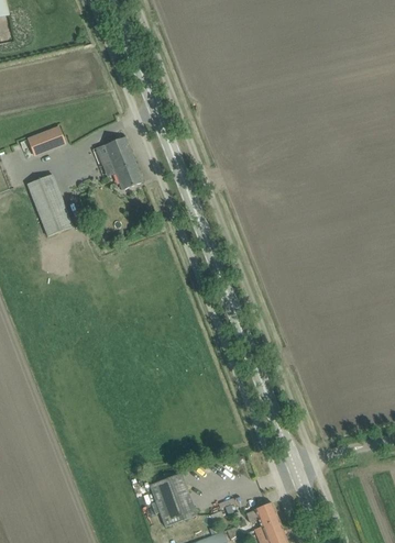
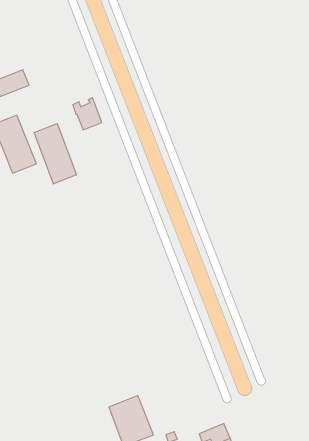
building: [102,137,131,166] -> none
building: none -> [34,124,76,184]

